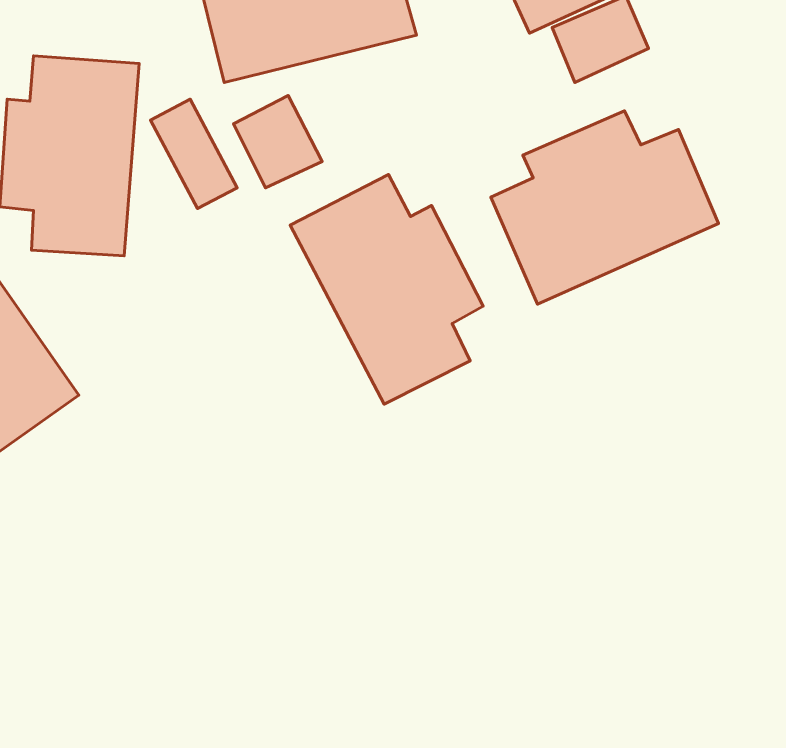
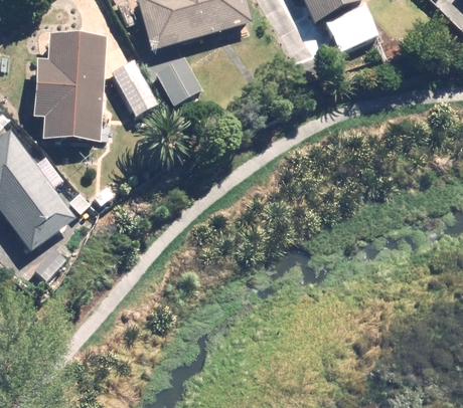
building: [491,111,719,304] -> none
building: [290,175,483,404] -> none

